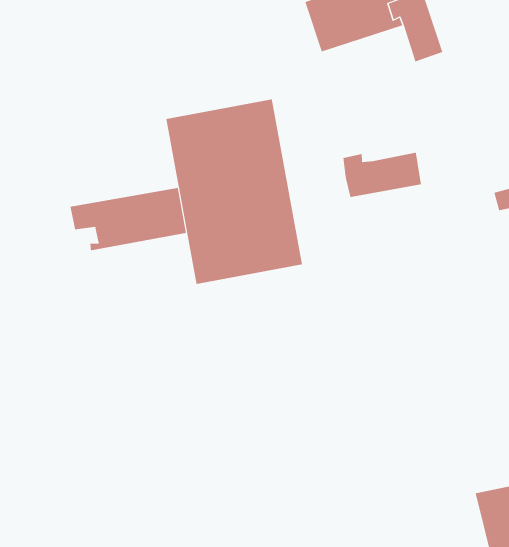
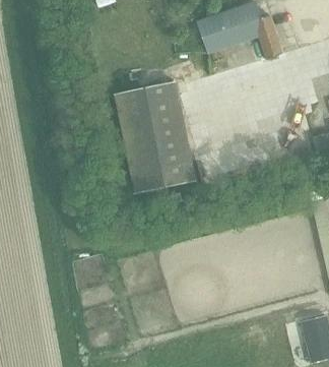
building: [343,152,421,198] -> none
building: [70,187,186,251] -> none

